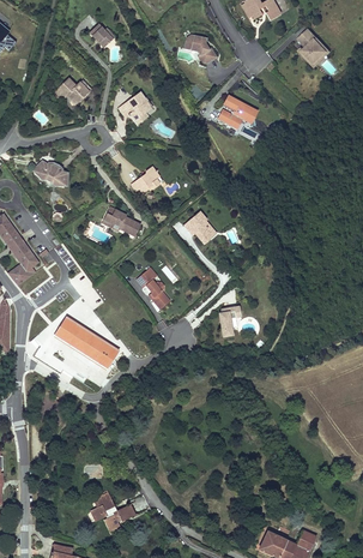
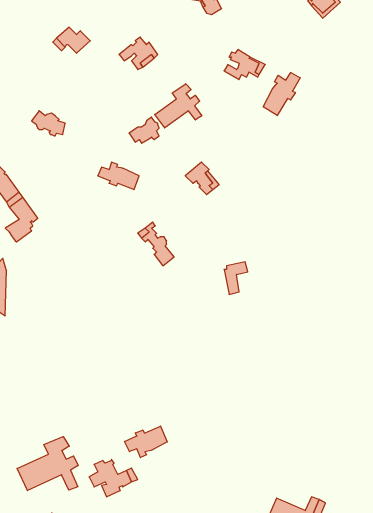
building: none -> [263,73,300,116]
building: none -> [155,84,202,128]
building: [56,318,119,367] -> none
building: none -> [125,426,167,458]
building: none -> [17,437,78,491]

